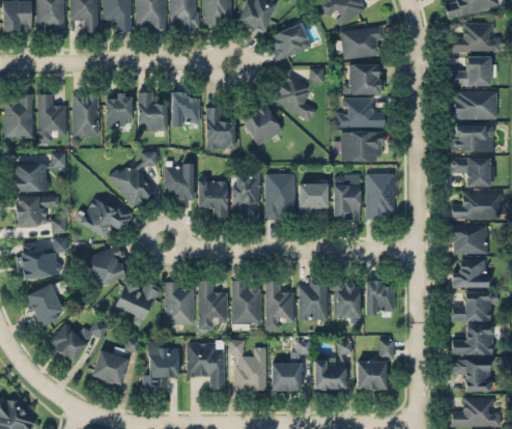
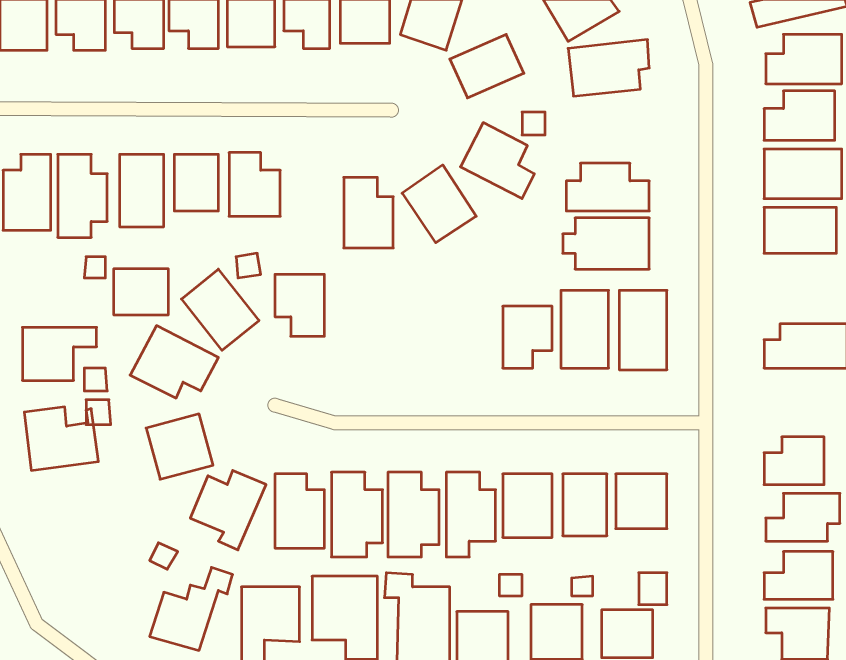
building: [344,63,383,93] -> none
building: [171,92,199,124] -> none
building: [452,158,494,185] -> none
building: [16,164,48,191] -> [114,269,168,315]
building: [232,171,261,219] -> none
building: [265,173,295,220] -> none
building: [199,180,228,219] -> none
building: [453,226,486,253] -> none
building: [25,283,65,326] -> none
building: [49,322,88,361] -> none

